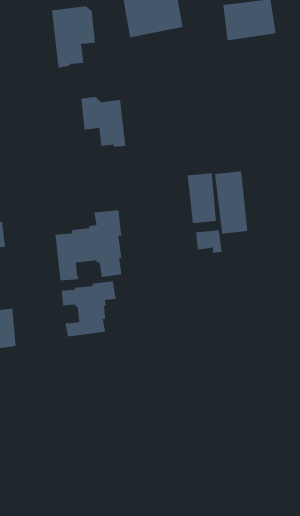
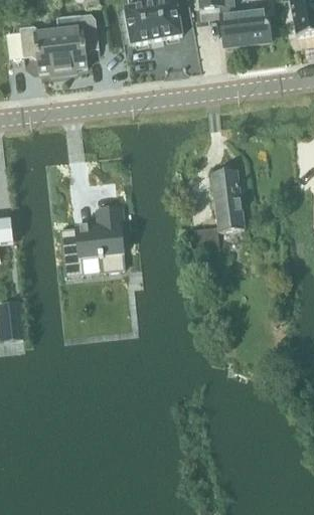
building: [81,96,126,147] -> [19,25,62,73]
building: [187,172,217,224] -> none
building: [61,281,116,338] -> none

